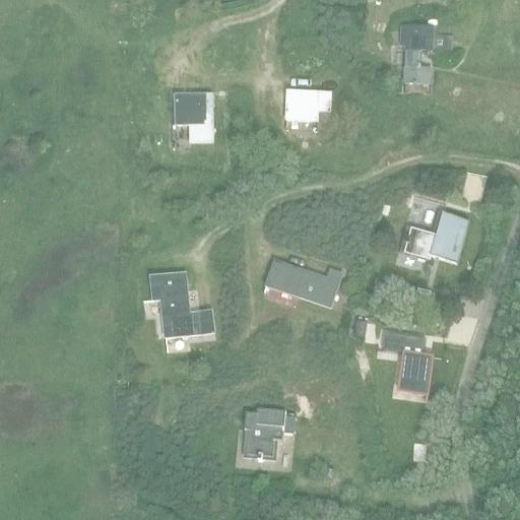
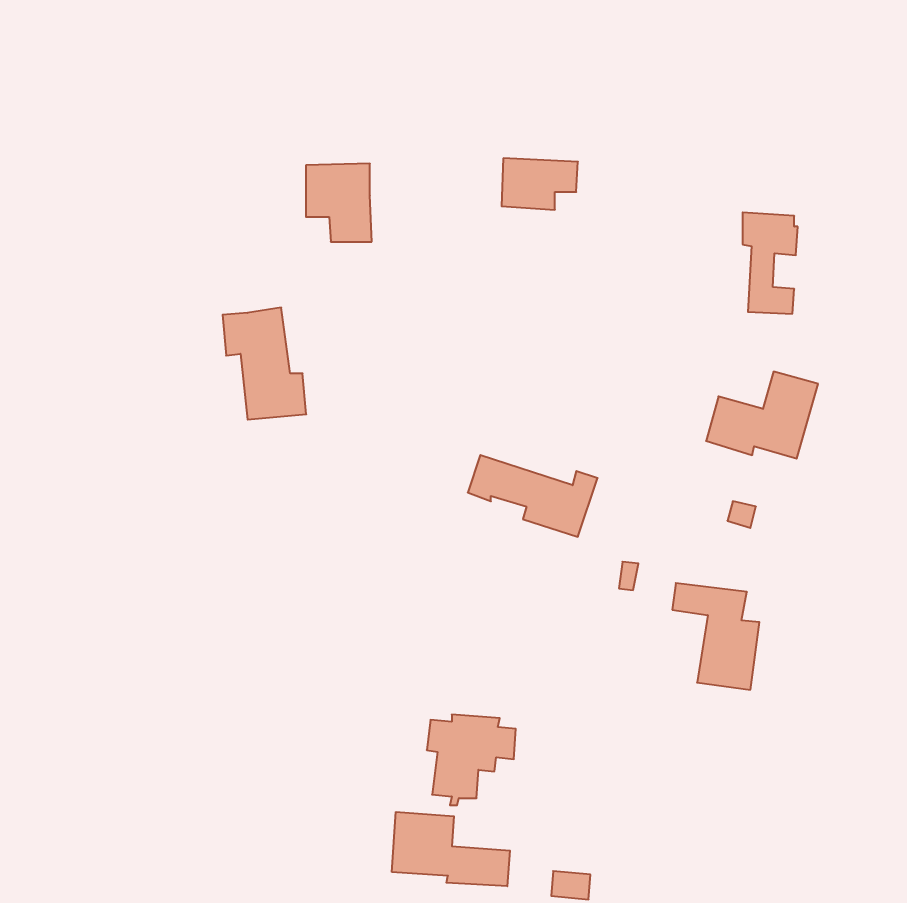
building: [400,24,432,82] -> [743,212,798,314]
building: [150,272,198,336] -> [223,308,306,420]
building: none -> [392,812,510,886]

